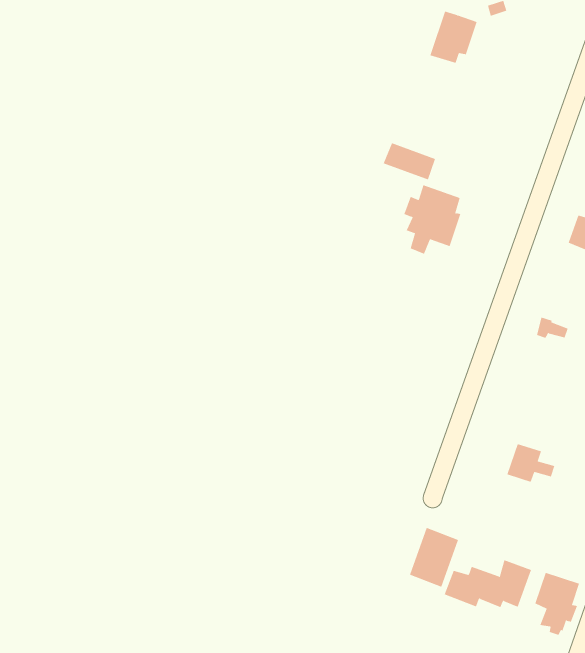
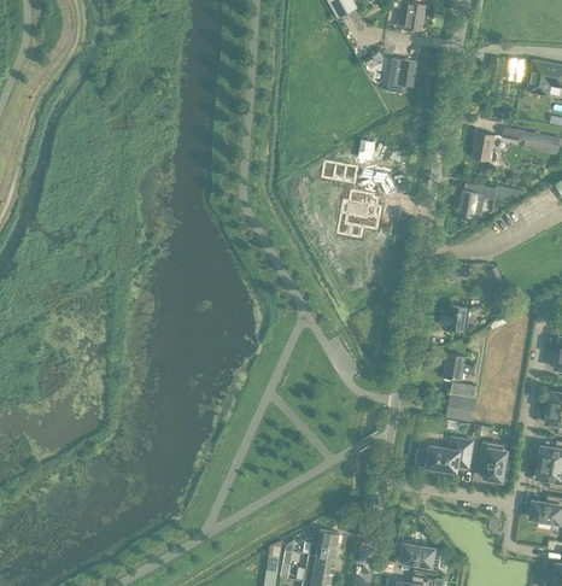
building: [430,11,477,63] -> [385,58,414,93]
building: none -> [439,305,468,330]
building: [409,527,459,588] -> [445,381,475,421]

